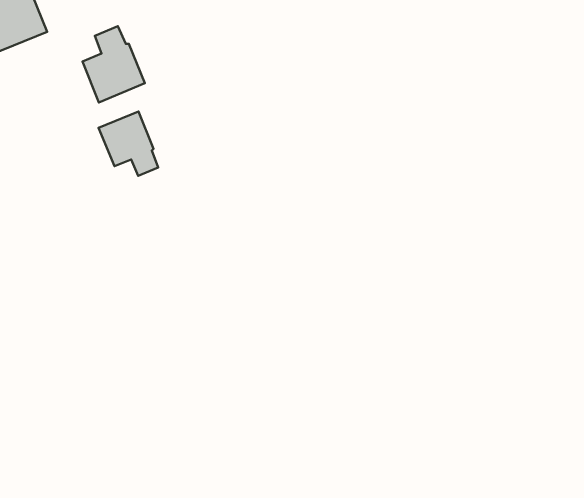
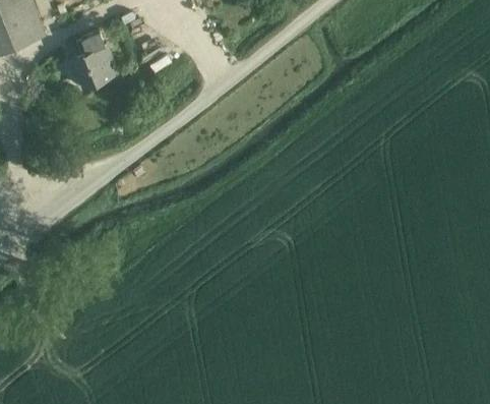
building: [98,112,158,176] -> none

